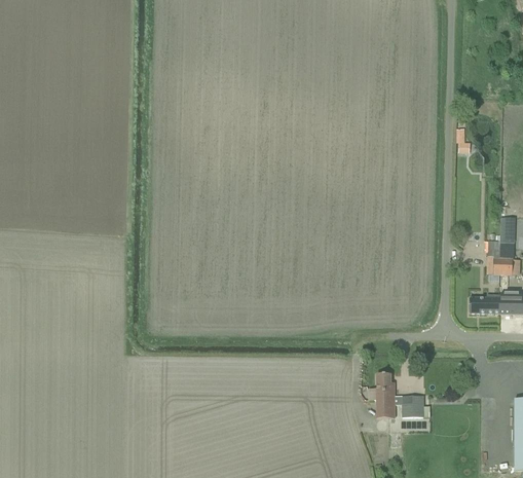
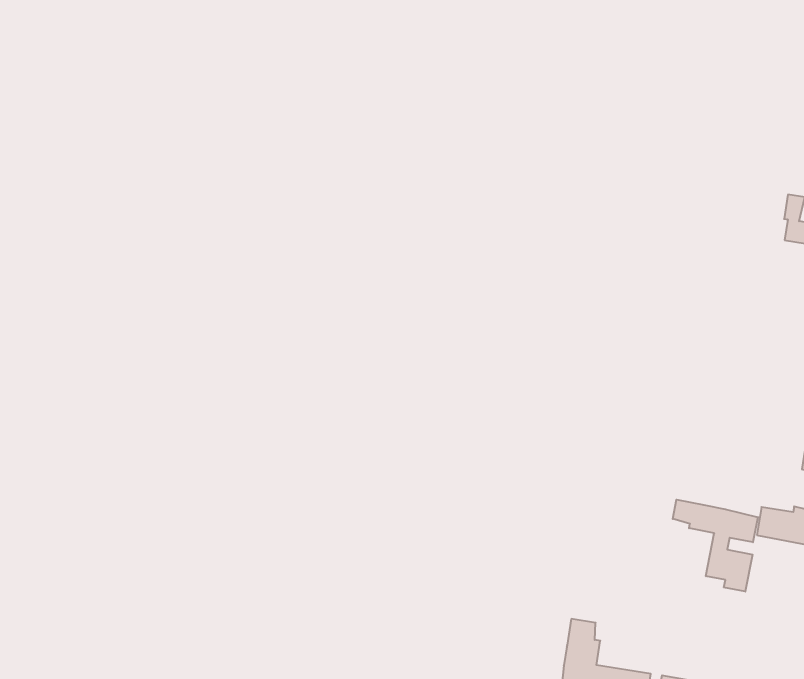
building: none -> [673,500,758,592]

